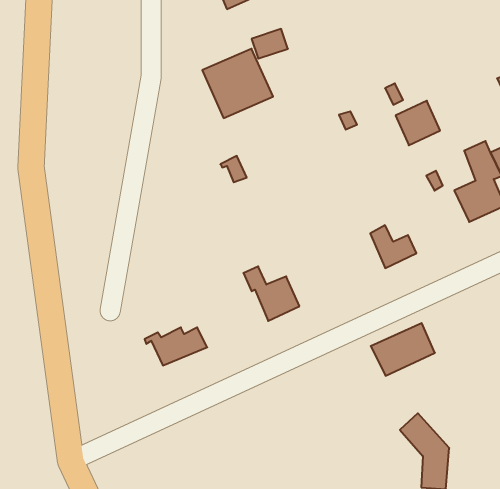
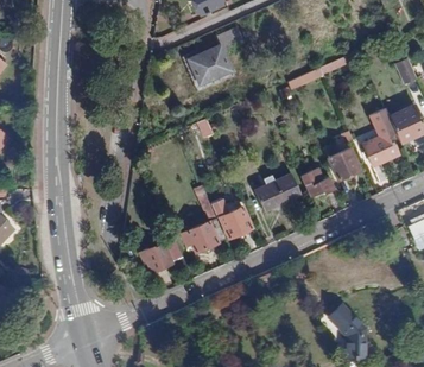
building: [396,101,440,145] -> [328,146,360,178]
building: none -> [181,183,226,251]
building: [371,323,435,376] -> [254,172,300,210]

